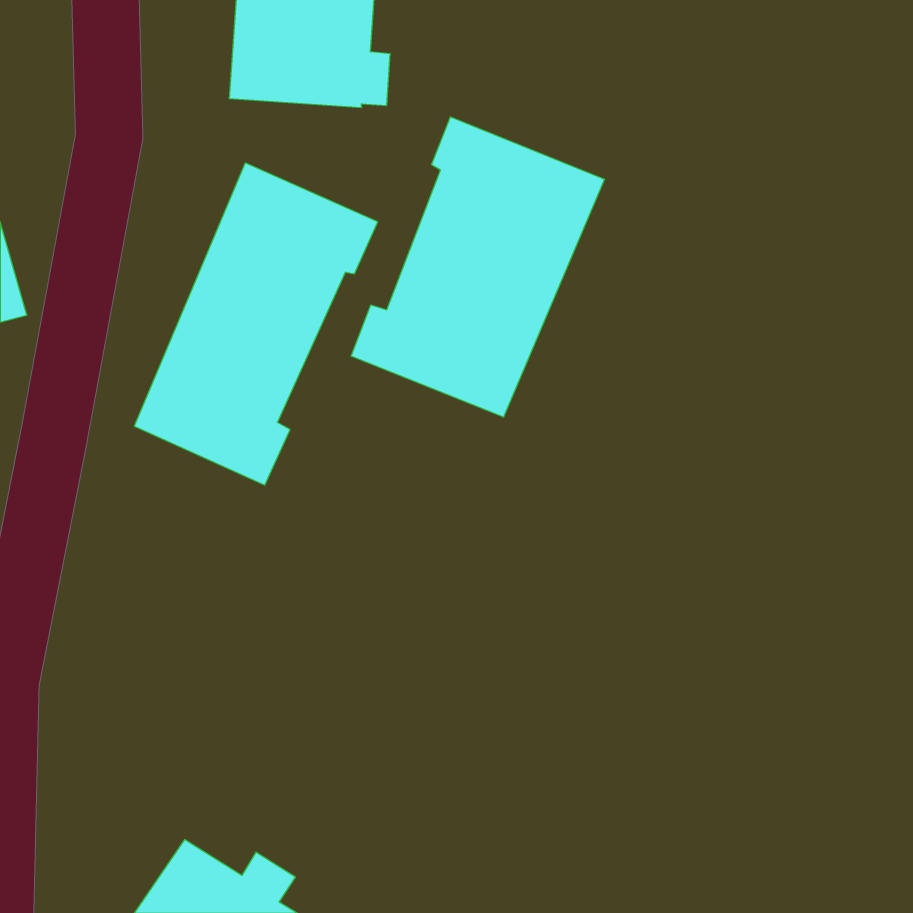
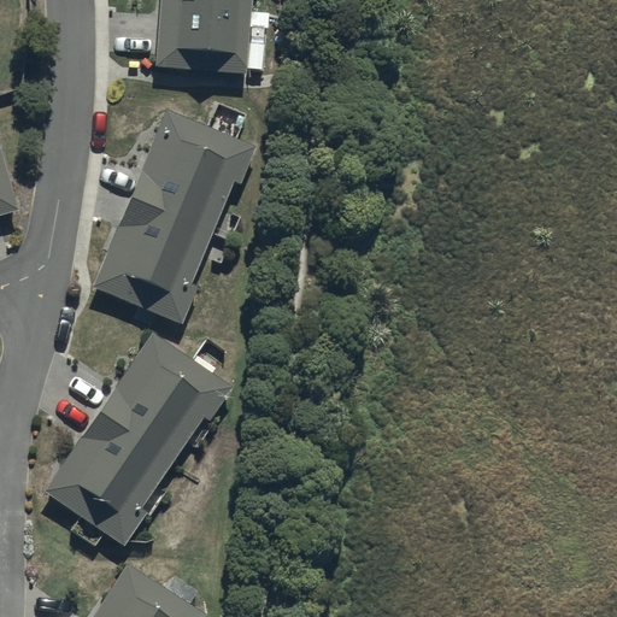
building: [351,117,604,417] -> none
building: none -> [47,335,231,546]

